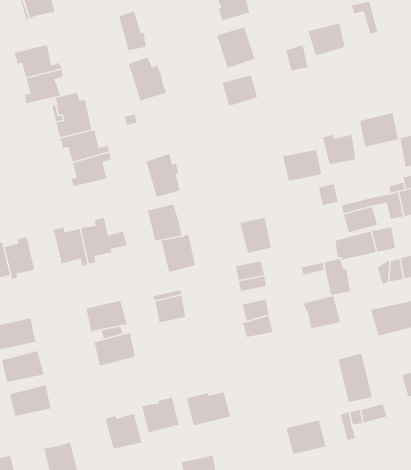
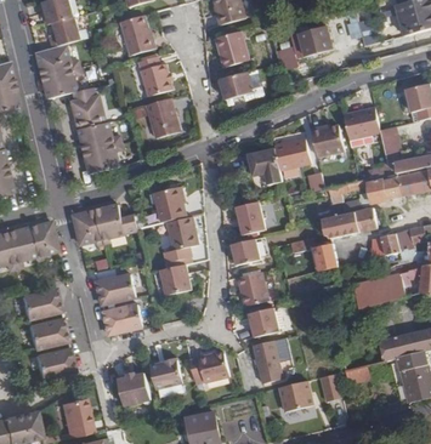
building: none -> [51,17,81,49]
building: [145,153,181,198] -> [147,98,178,138]
building: none -> [250,148,284,184]
building: [303,295,341,329] -> [248,307,282,337]
building: [337,352,373,403] -> [254,340,285,385]

